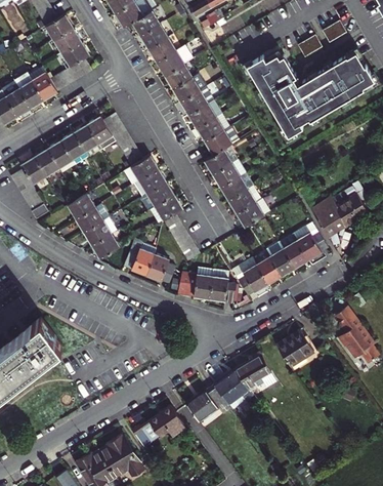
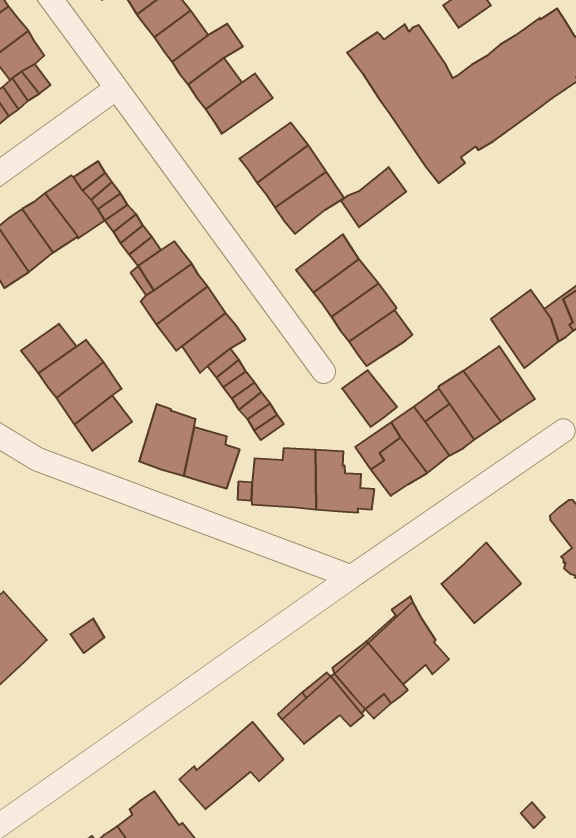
building: [178,85,214,115] -> none
building: [203,145,237,174] -> [341,167,406,227]
building: none -> [342,370,397,427]

